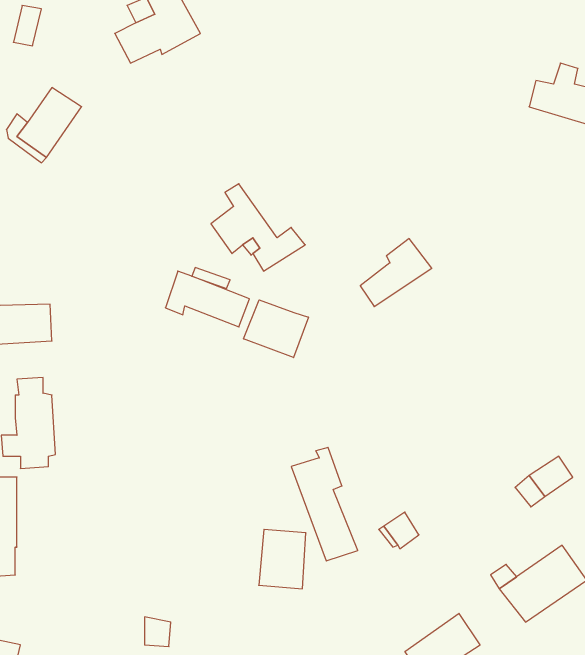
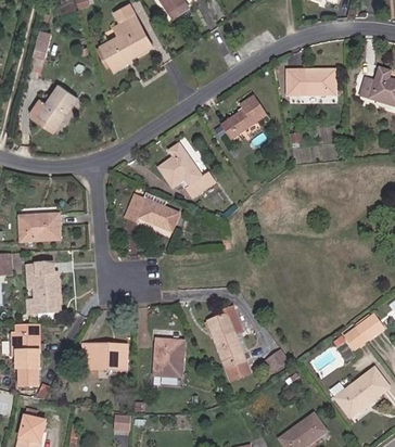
building: none -> [282,74,332,99]
building: [360,239,432,307] -> [221,100,266,142]
building: [244,300,308,358] -> none
building: none -> [81,344,127,369]
building: [259,529,306,589] -> [154,341,183,378]

